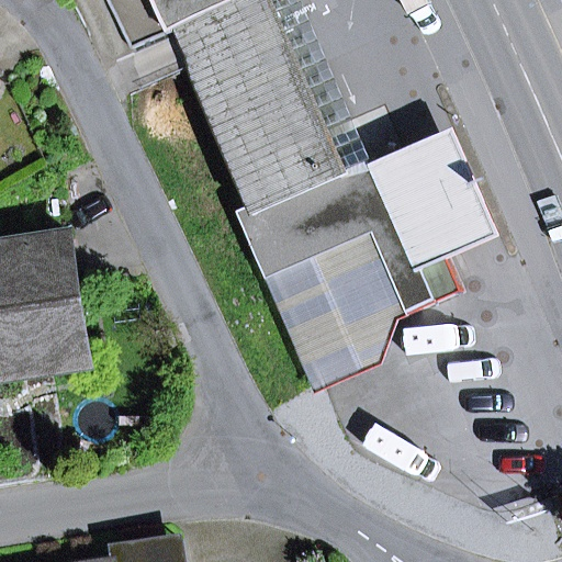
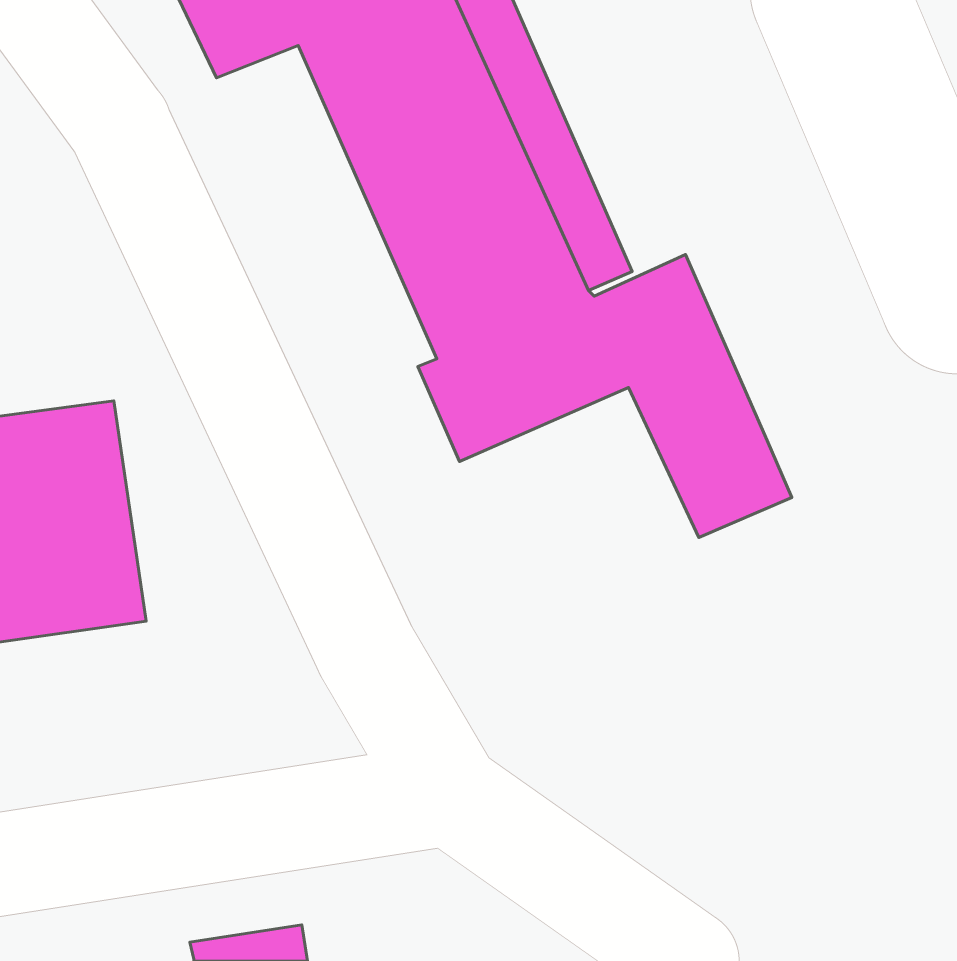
building: [396,124,495,255] -> none
building: [258,224,404,391] -> none

